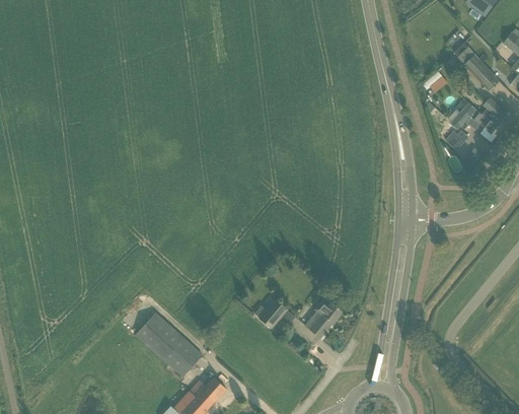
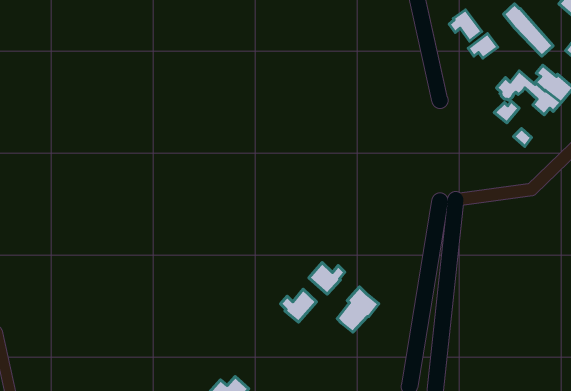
building: none -> [449,10,482,41]
building: none -> [309,262,345,294]
building: [134,313,202,377] -> none

